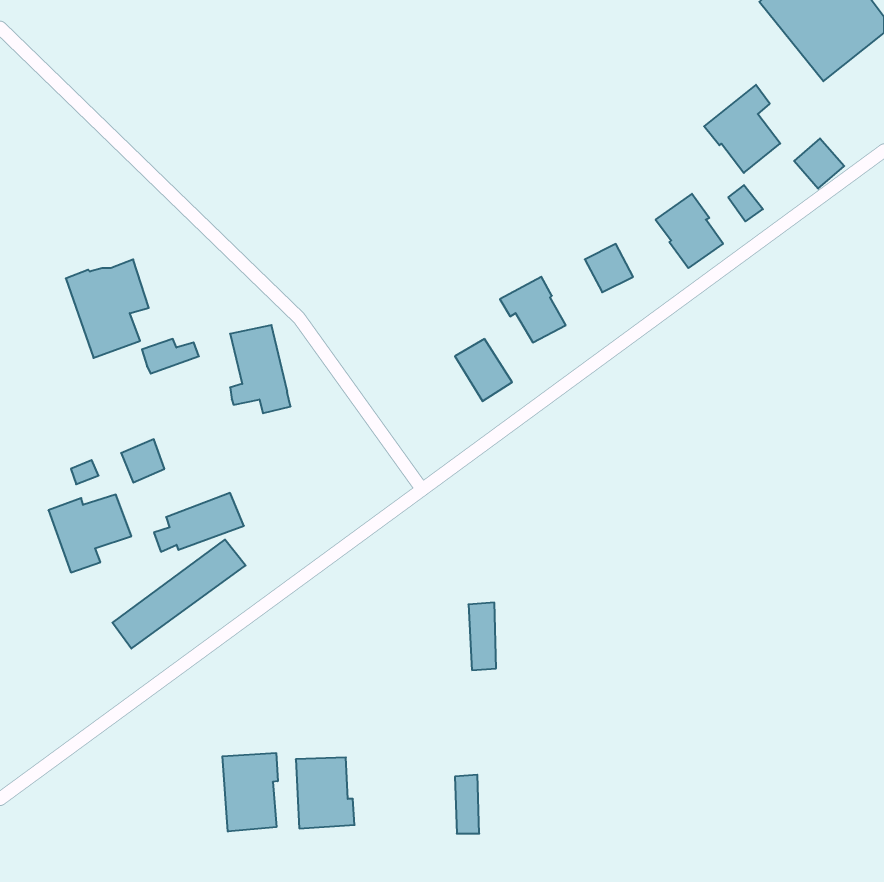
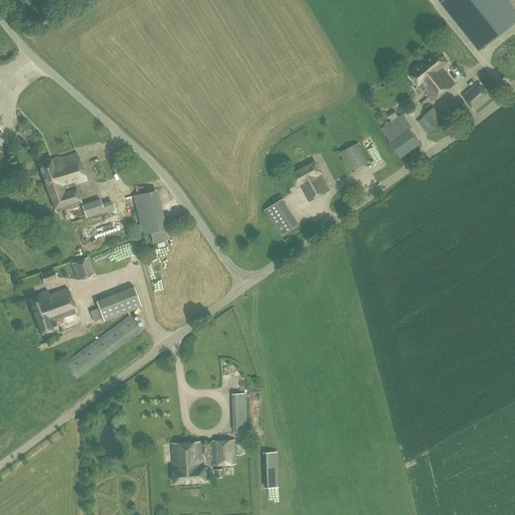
building: [468,603,496,670] -> [231,391,247,431]
building: [222,753,278,832] -> none
building: none -> [212,439,236,465]

